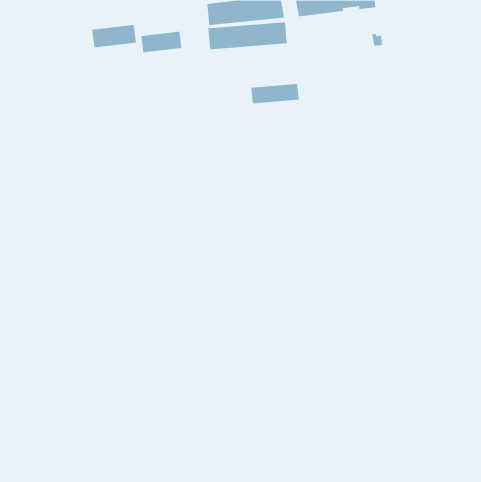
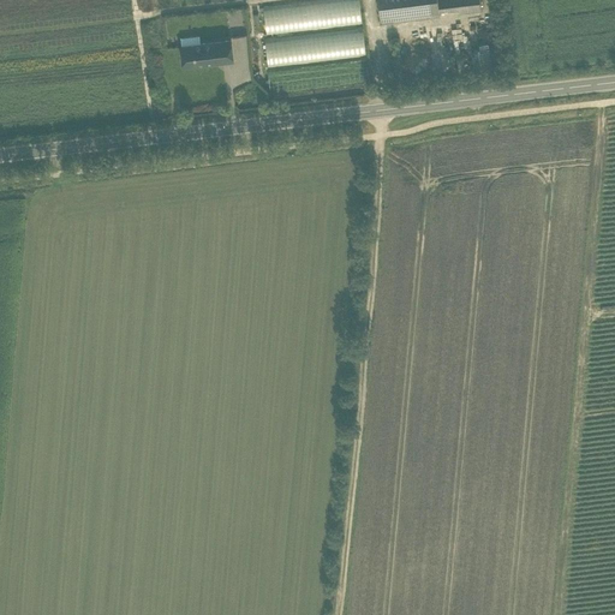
building: [92,24,136,48] -> none
building: [251,83,299,104] -> none

